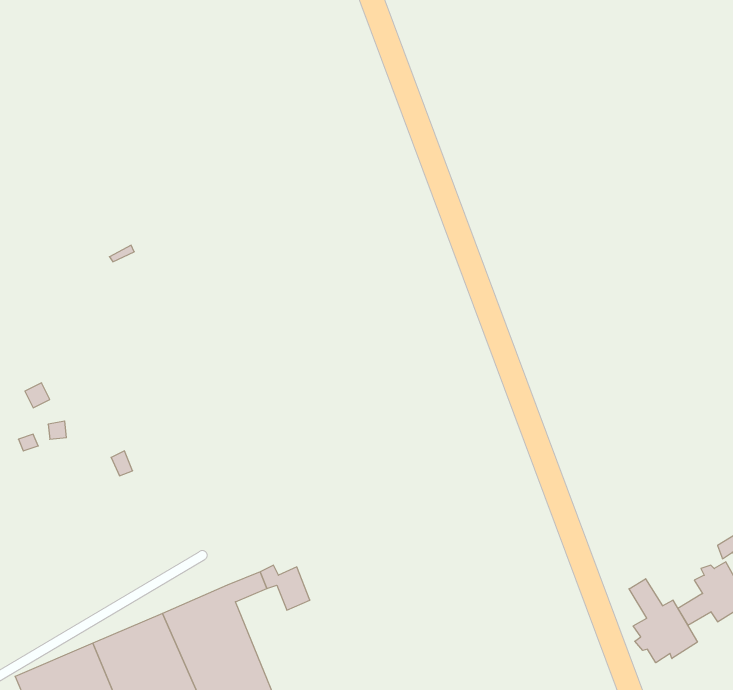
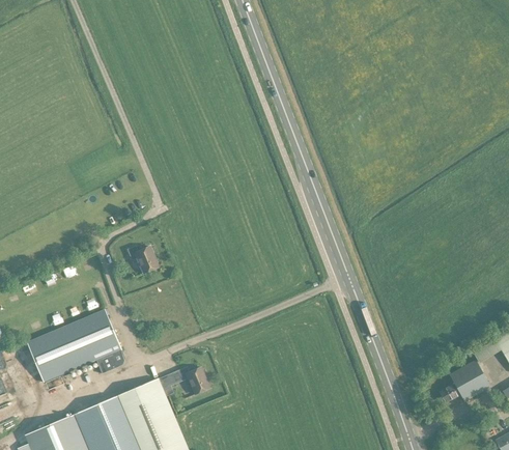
building: none -> [126,246,159,273]
building: none -> [27,309,122,382]
building: [629,579,697,663] -> none

